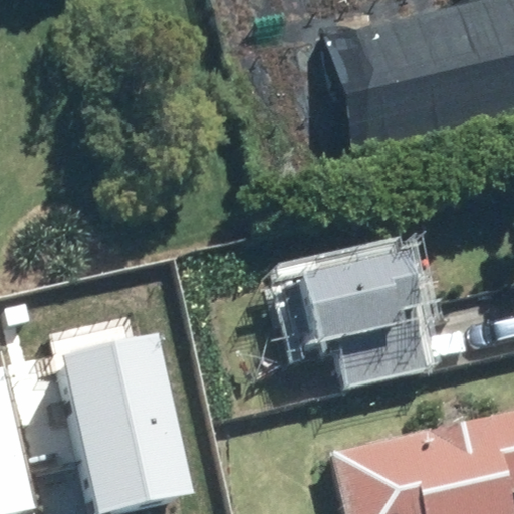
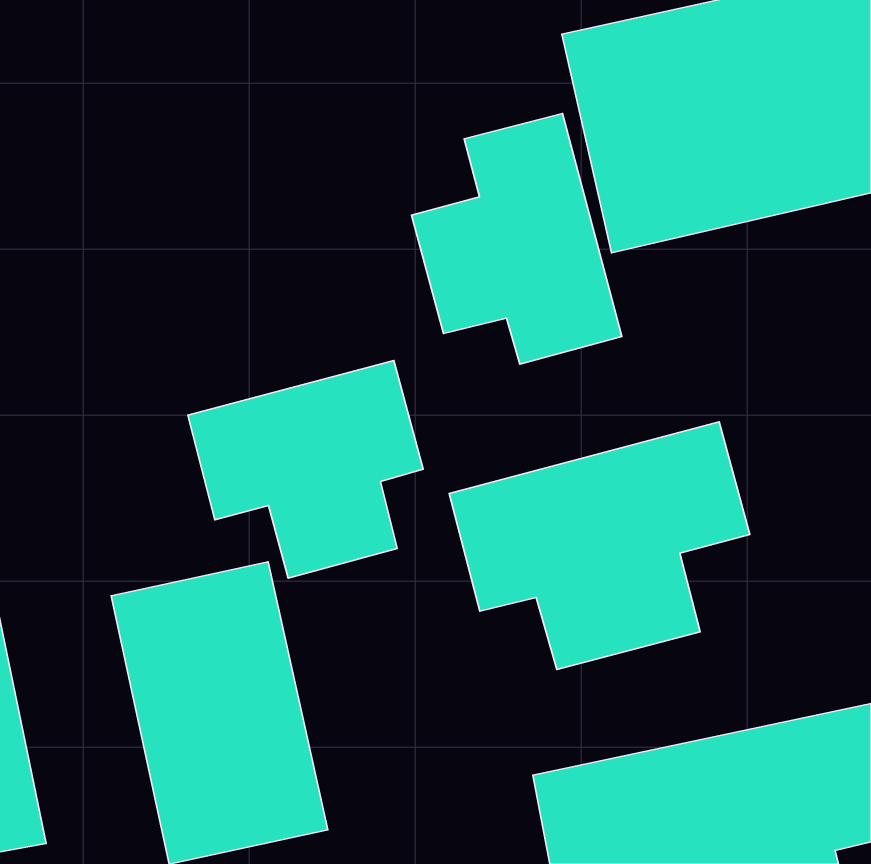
building: none -> [412,113,622,364]
building: none -> [188,361,423,578]

